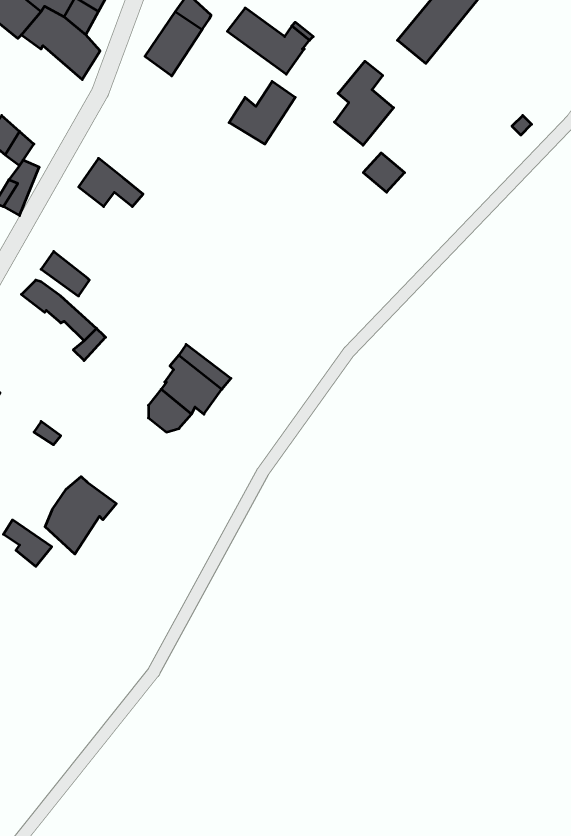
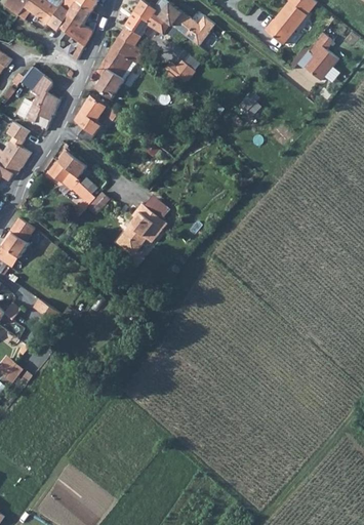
building: none -> [95,36,144,92]
building: [334,61,394,145] -> [300,30,334,78]
building: none -> [69,111,99,142]
building: [45,477,116,554] -> none

